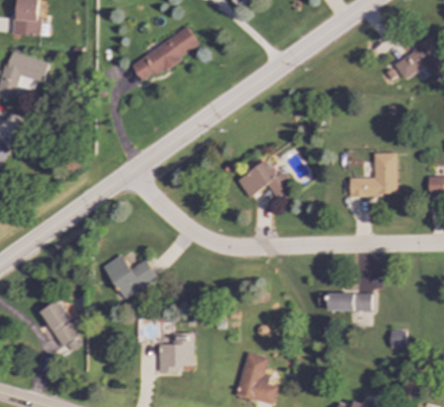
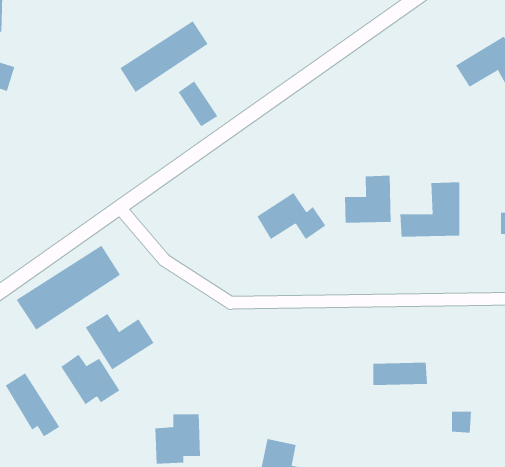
building: none -> [178,80,218,127]
building: none -> [344,175,391,223]
building: none -> [16,245,121,330]
building: none -> [61,354,120,405]

